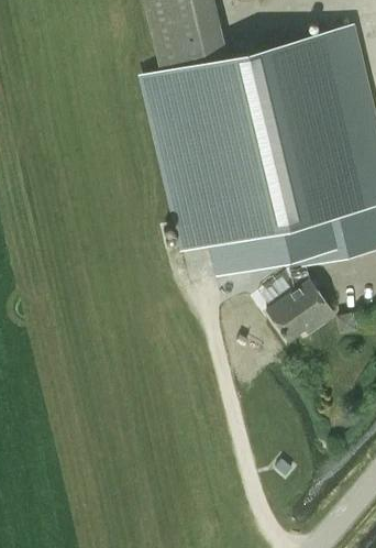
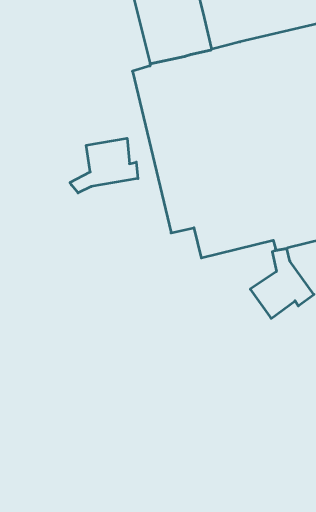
building: none -> [70,138,138,193]

